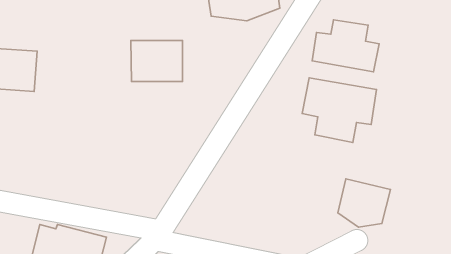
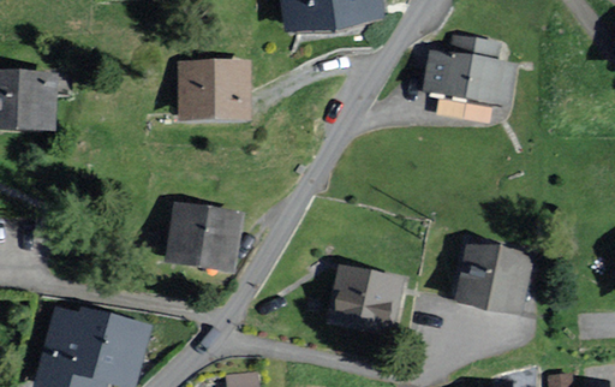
building: [302,78,377,142] -> none
building: none -> [168,203,240,269]
building: none -> [330,267,400,328]

